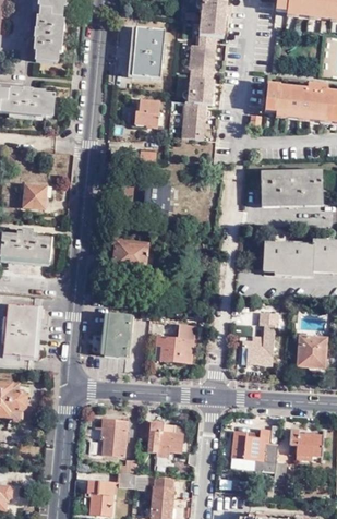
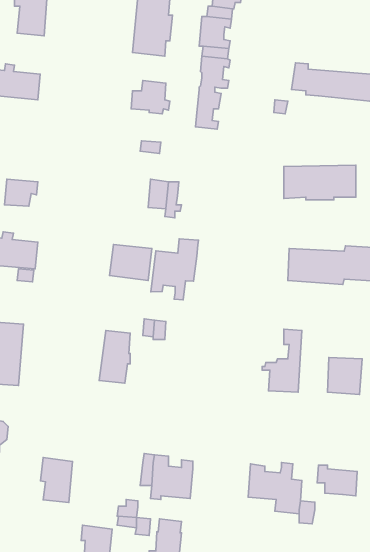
building: none -> [151,239,198,300]
building: [156,325,195,363] -> none
building: [100,418,128,456] -> [40,458,73,502]

